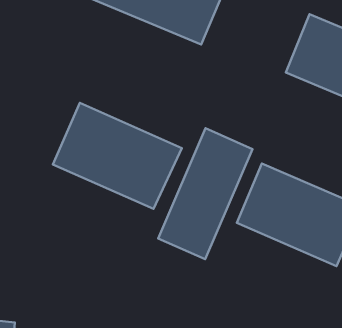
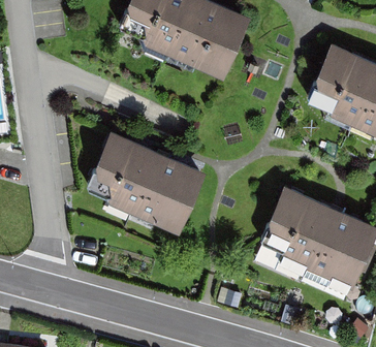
building: [158,128,253,259] -> none

